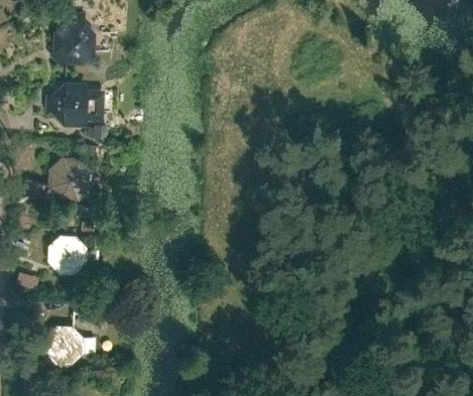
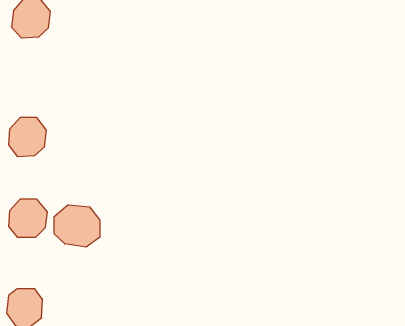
building: [55,90,95,129] -> none
building: none -> [54,205,100,247]

